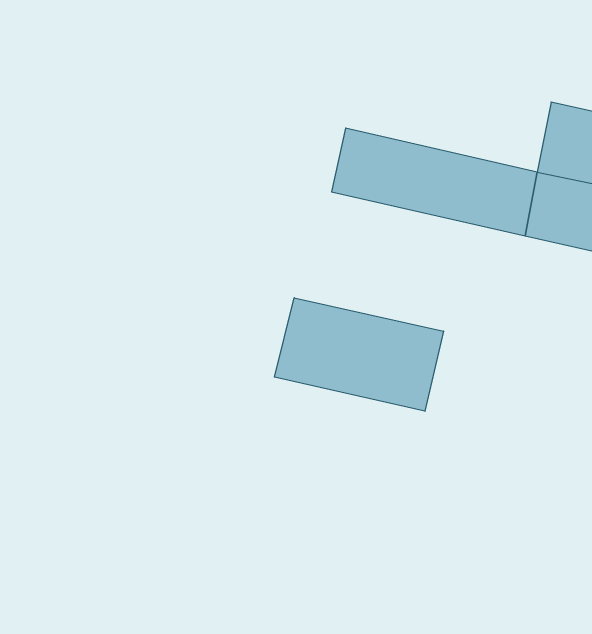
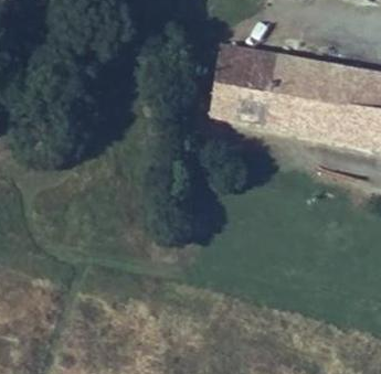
building: none -> [226,42,340,103]
building: [274,298,444,411] -> none

